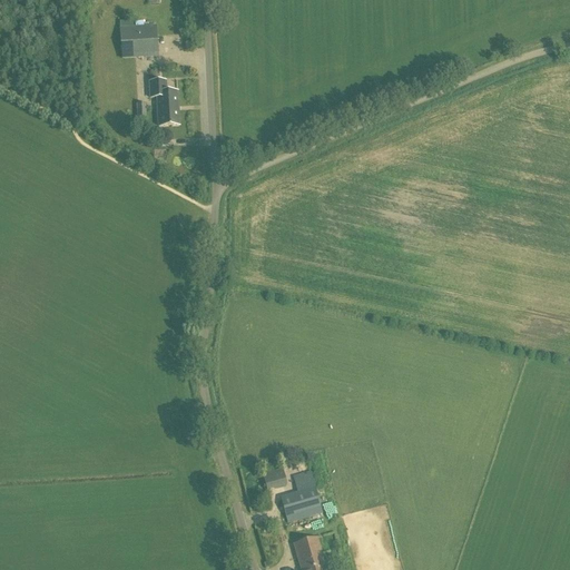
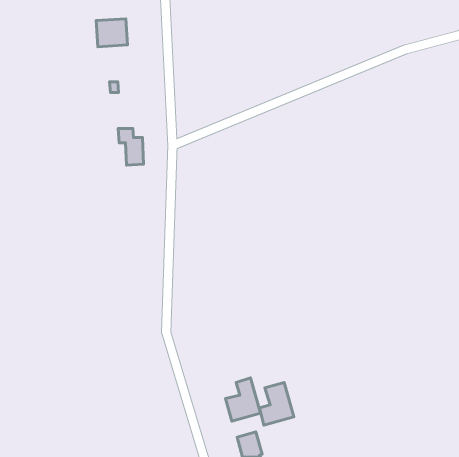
building: [148,79,179,125] -> [118,128,143,165]
building: none -> [259,382,294,425]

